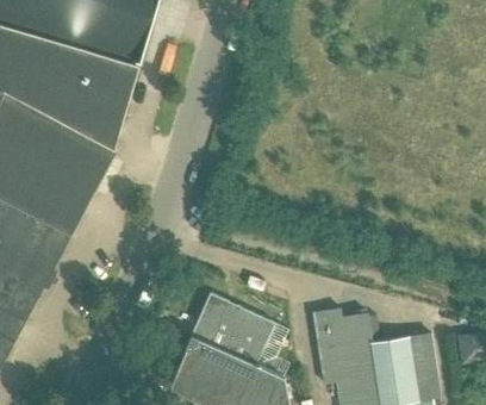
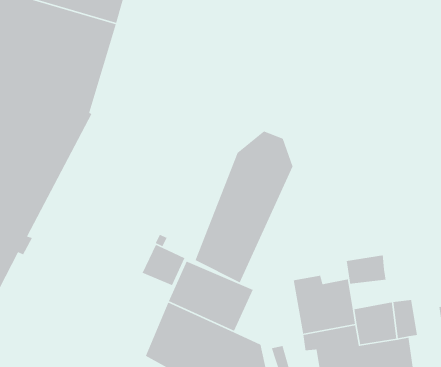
building: none -> [194,130,293,284]
building: none -> [141,244,186,286]
building: none -> [346,254,387,284]

